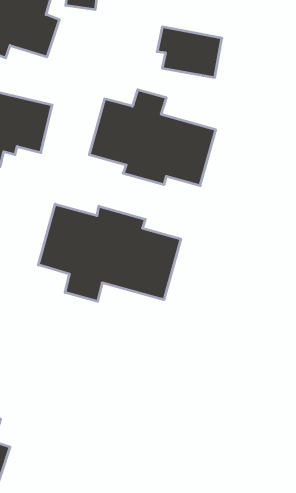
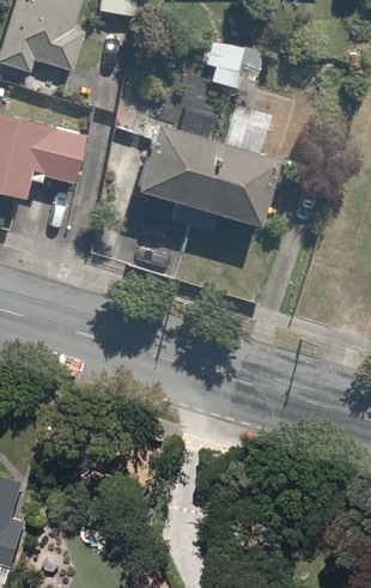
building: [38,204,181,301] -> none

